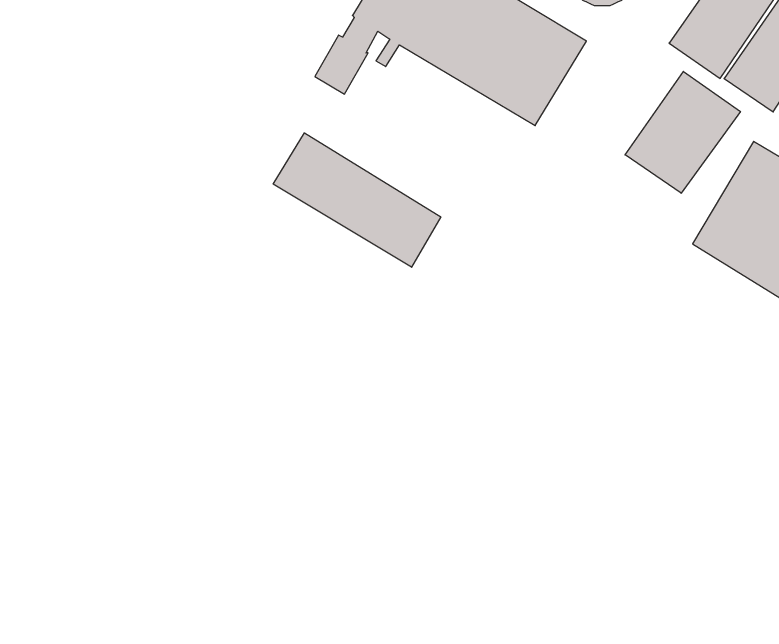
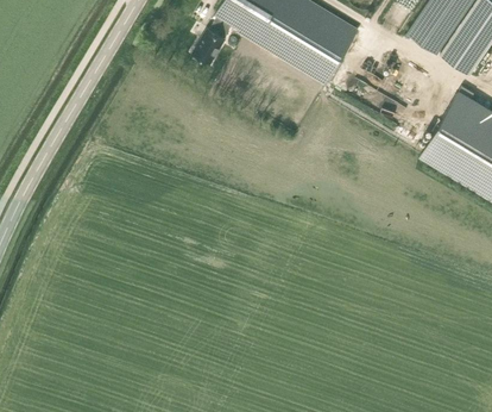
building: [625,71,740,193] -> none
building: [273,133,441,267] -> none

